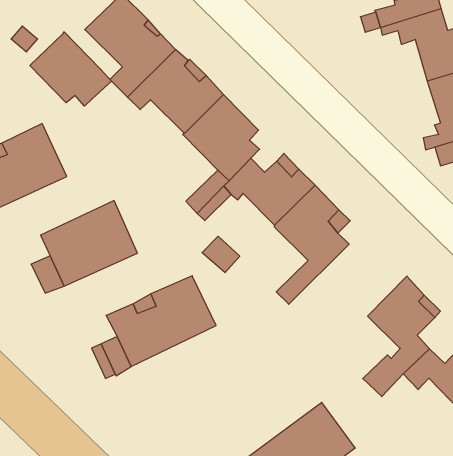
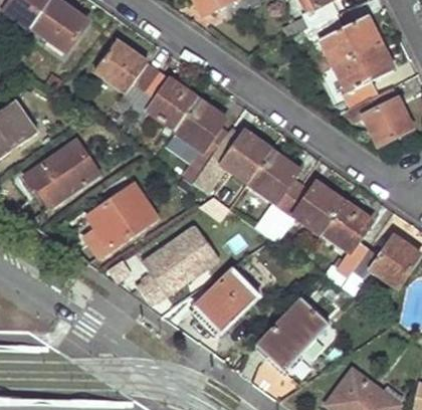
building: [30,32,112,106] -> none
building: none -> [266,181,344,240]
building: none -> [194,267,259,334]

